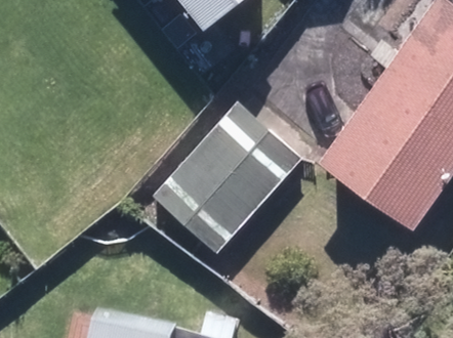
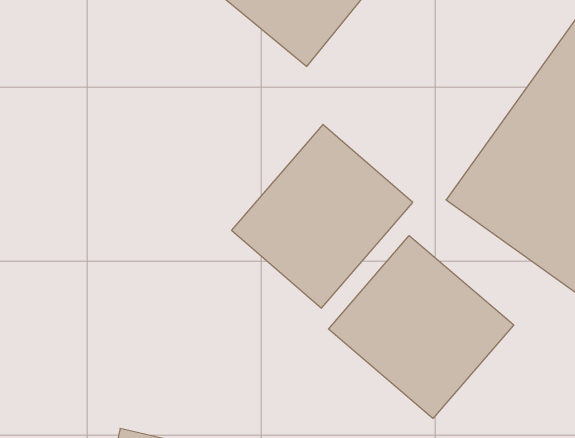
building: none -> [329,236,514,418]

